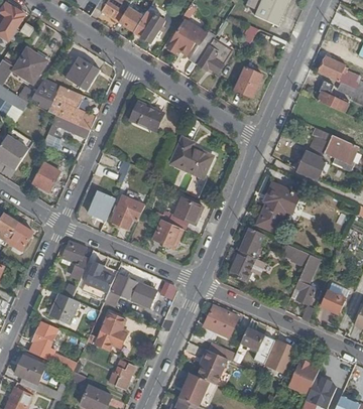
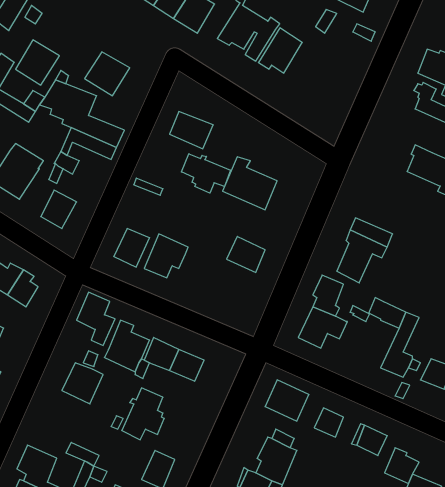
building: [234,66,262,98] -> none
building: none -> [181,154,230,193]
building: [296,151,326,180] -> none
building: [153,219,183,249] -> none
building: [31,321,58,349] -> none

